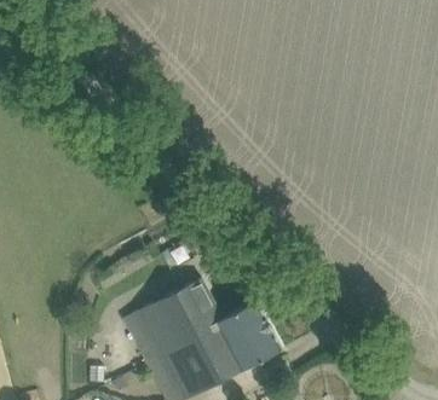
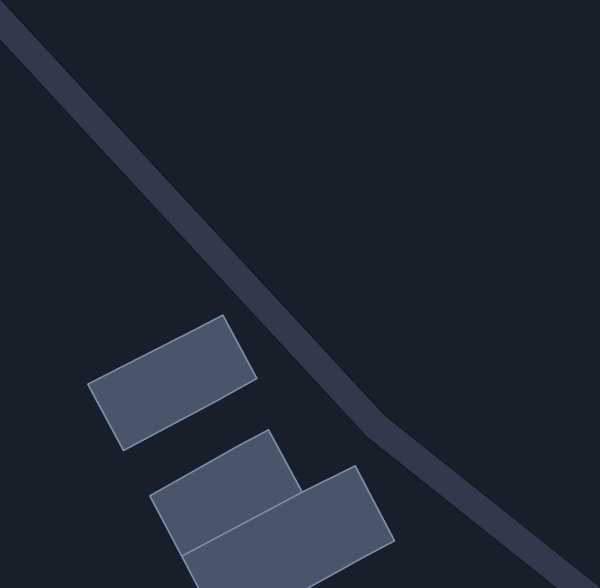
building: none -> [88,315,257,451]

